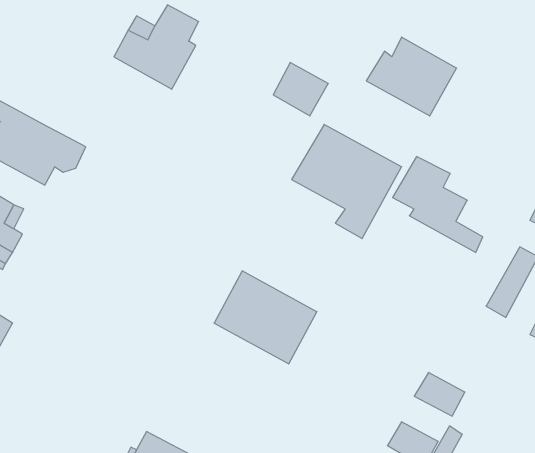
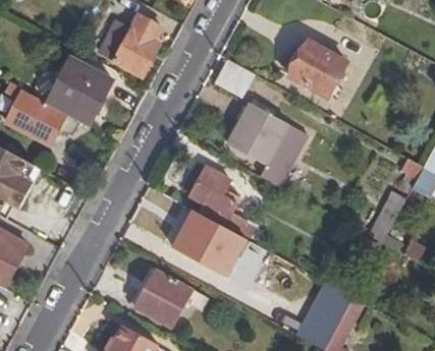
building: none -> [49,60,112,125]
building: [393,157,483,252] -> [189,168,255,237]
building: none -> [129,267,193,328]

